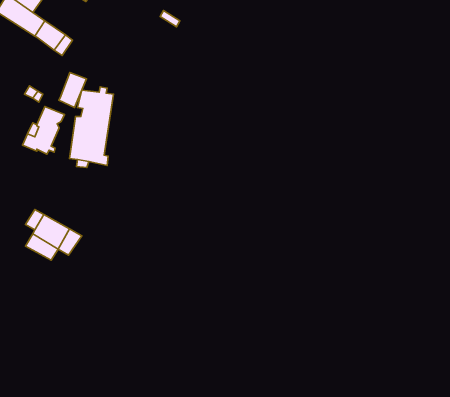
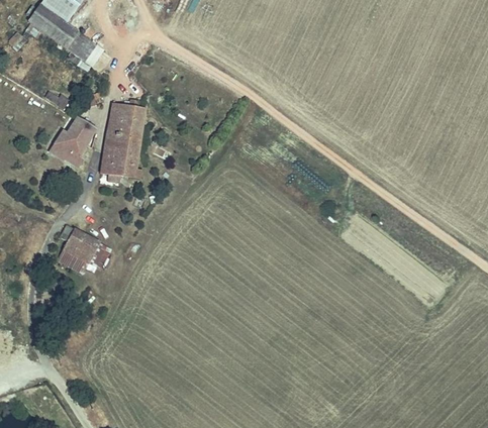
building: [59,73,86,107] -> none

